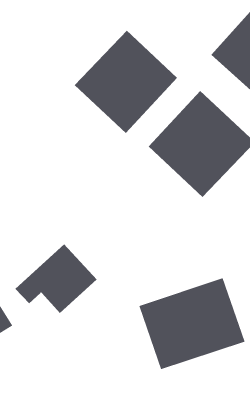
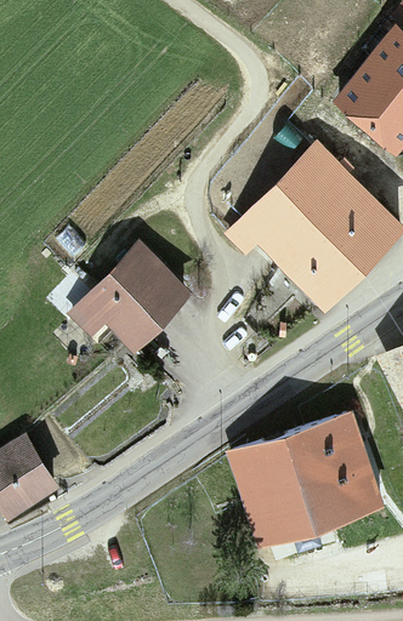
building: [74,30,178,134] -> none
building: [14,243,98,314] -> [70,246,188,346]

